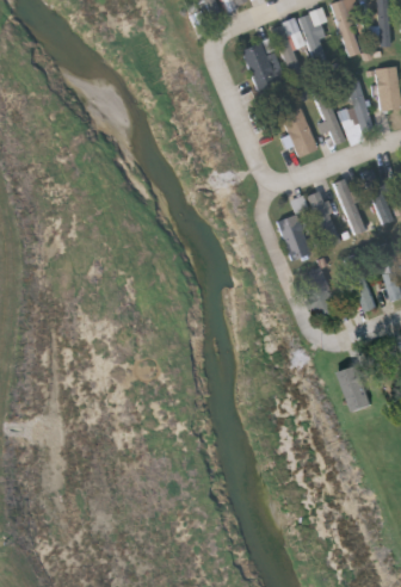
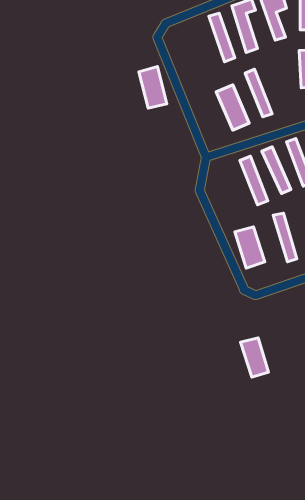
building: [243,42,276,89] -> [139,67,167,108]
building: [344,81,372,144] -> none
building: [276,214,310,260] -> none
building: [338,365,370,410] -> [241,338,269,377]

